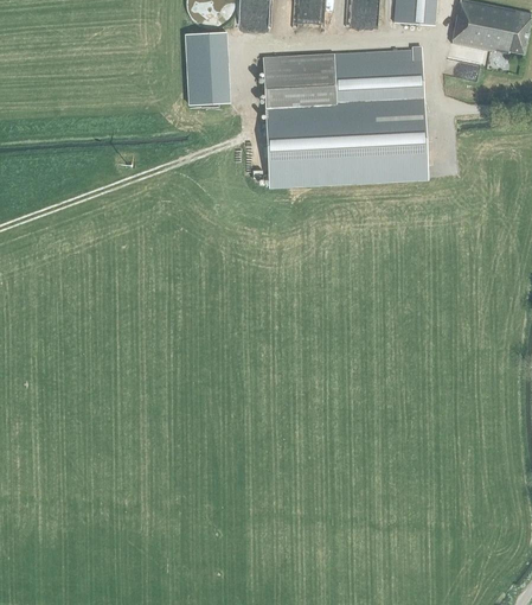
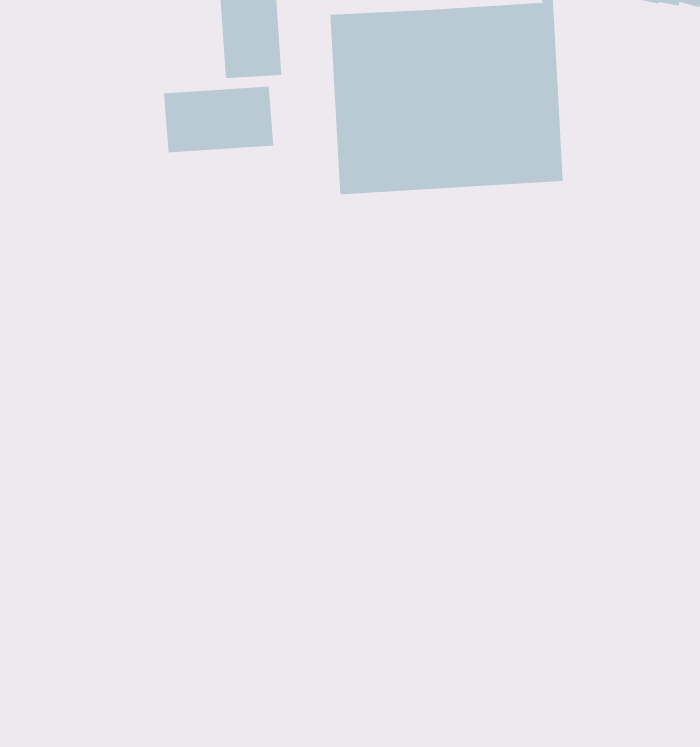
building: none -> [164,86,274,153]

